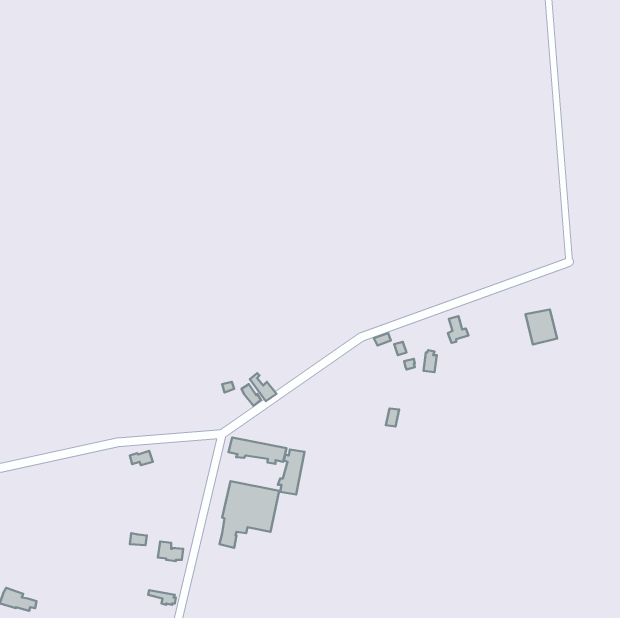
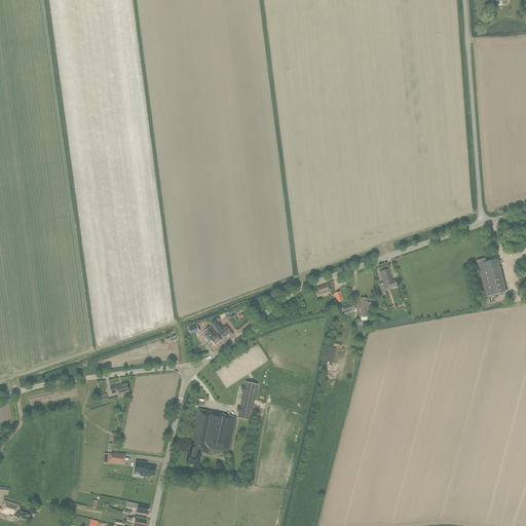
building: [526,309,557,345] -> [480,266,506,296]
building: [228,437,287,464] -> none

